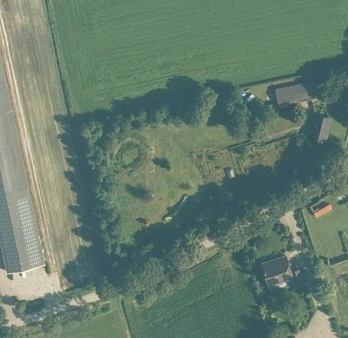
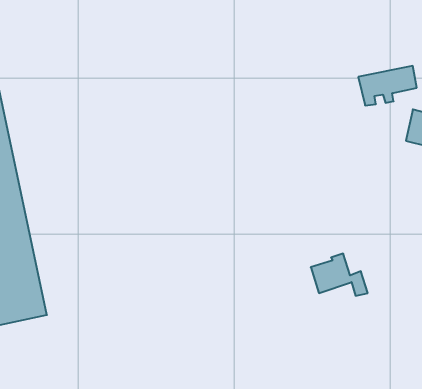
building: [261,257,303,288] -> [311,254,368,296]

